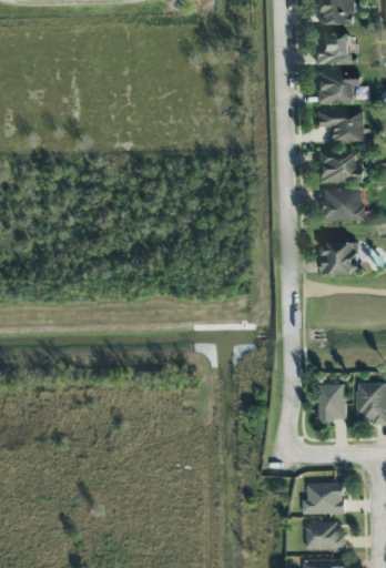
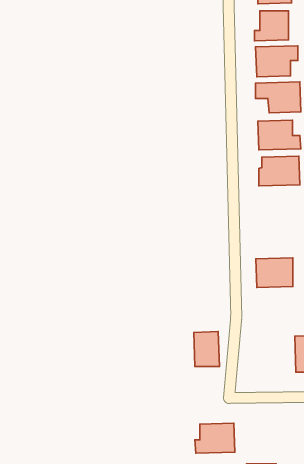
building: [322,242,362,274] -> [256,258,293,288]
building: [318,384,346,422] -> [194,331,219,366]
building: [303,481,346,514] -> [195,423,235,453]

